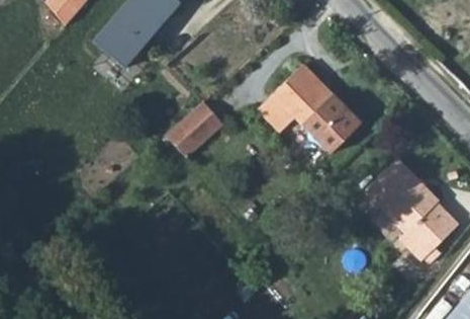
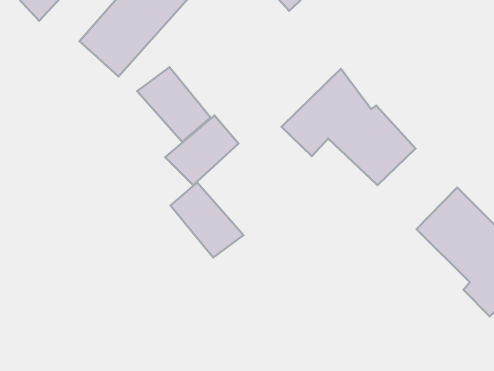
building: none -> [137,67,211,142]
building: none -> [170,183,244,258]

